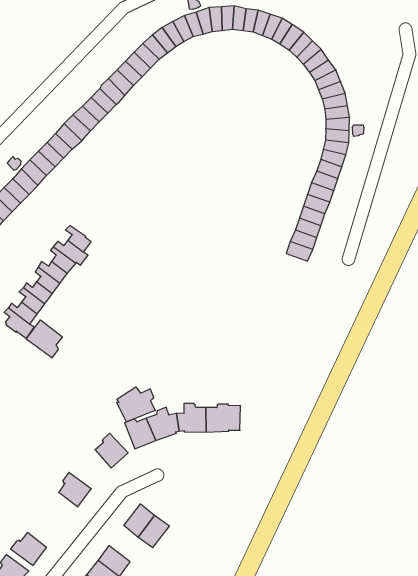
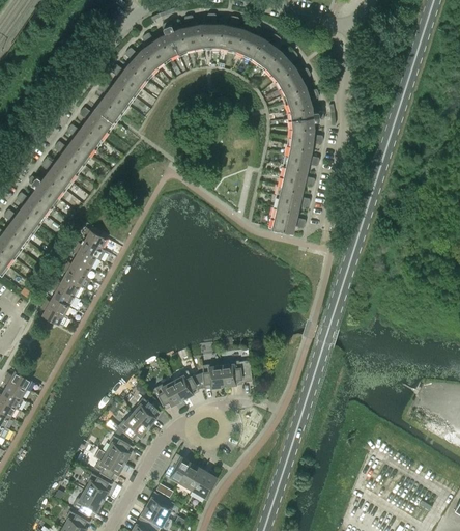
building: [26,320,62,358] -> none
building: [117,387,155,422] -> none
building: none -> [118,414,148,442]
building: none -> [94,453,124,480]
building: none -> [85,473,112,501]
building: none -> [192,470,218,498]

